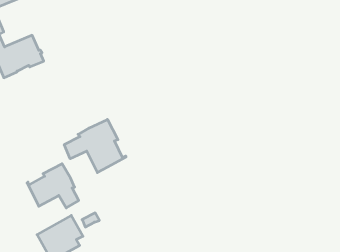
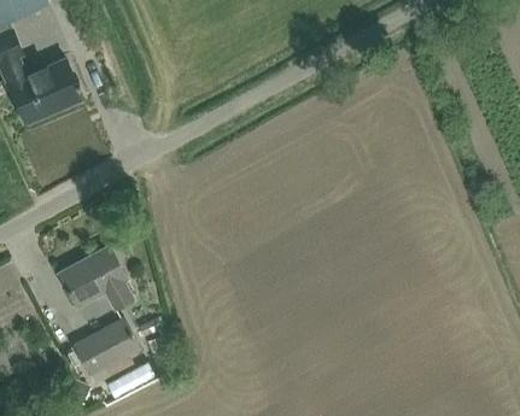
building: [64,119,126,173] -> none

